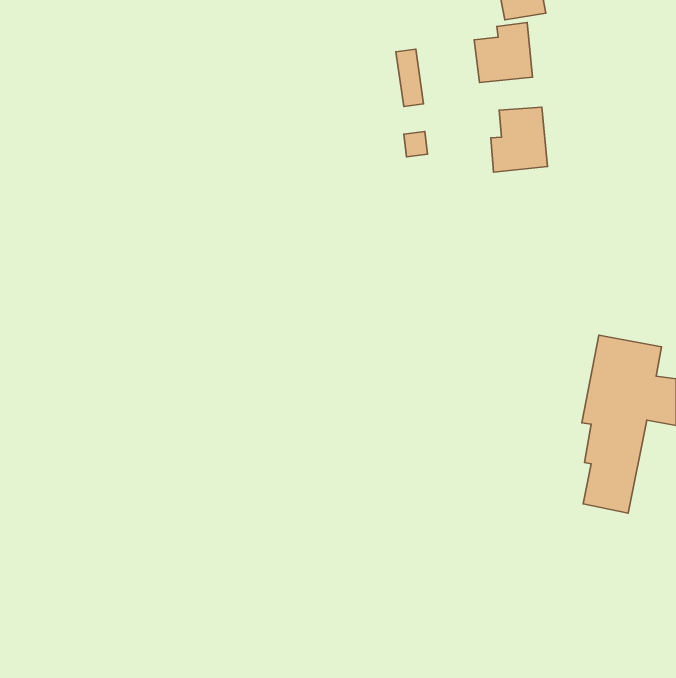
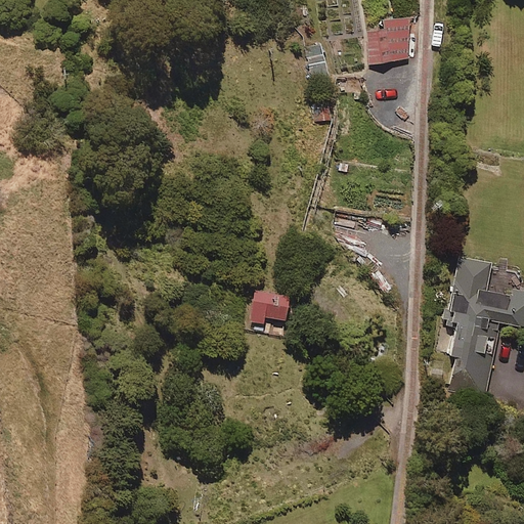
building: [491,107,548,172] -> none
building: none -> [250,288,290,319]

